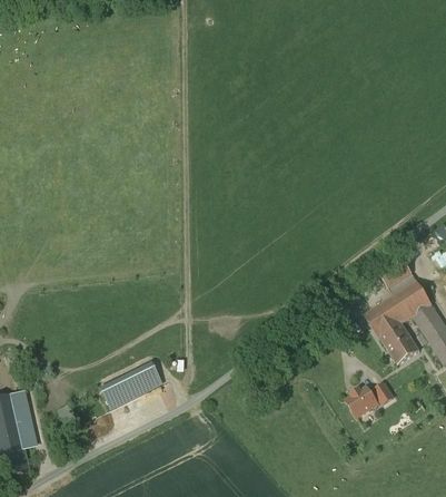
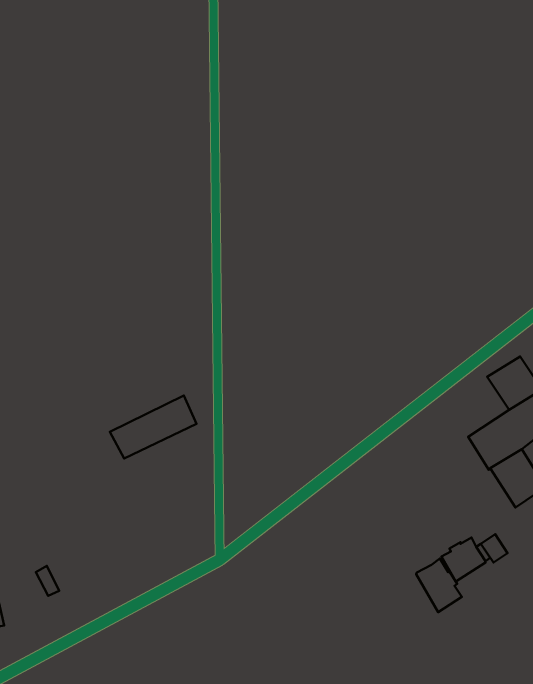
building: [100,363,161,408] -> [110,396,196,459]
building: none -> [416,559,462,612]

